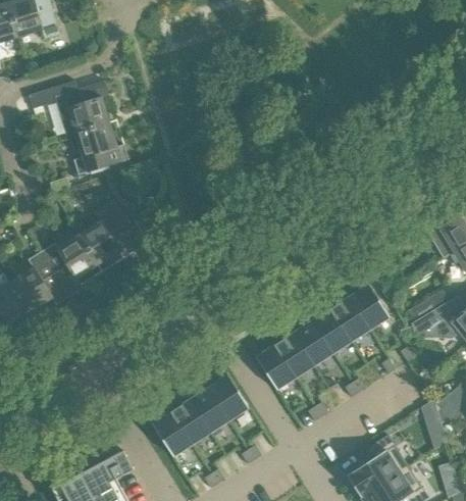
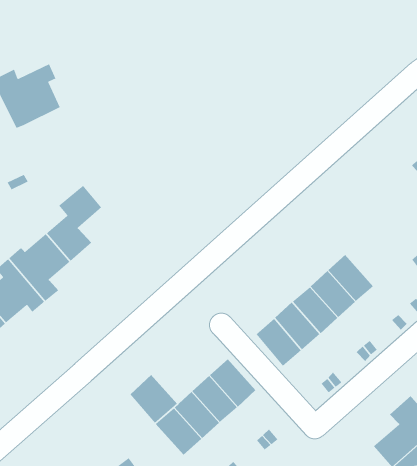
building: [73,123,130,177] -> none
building: [348,285,389,331] -> none
building: none -> [130,374,178,424]

